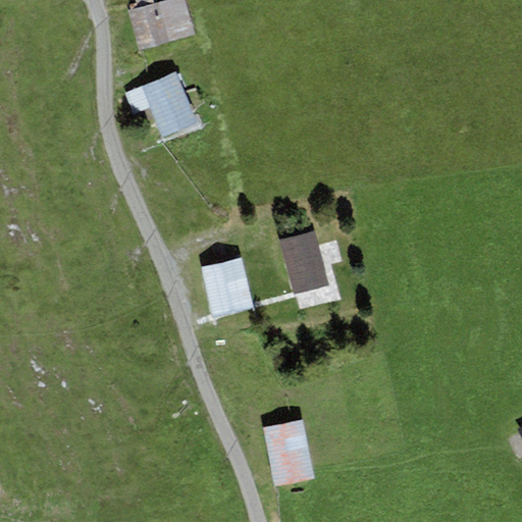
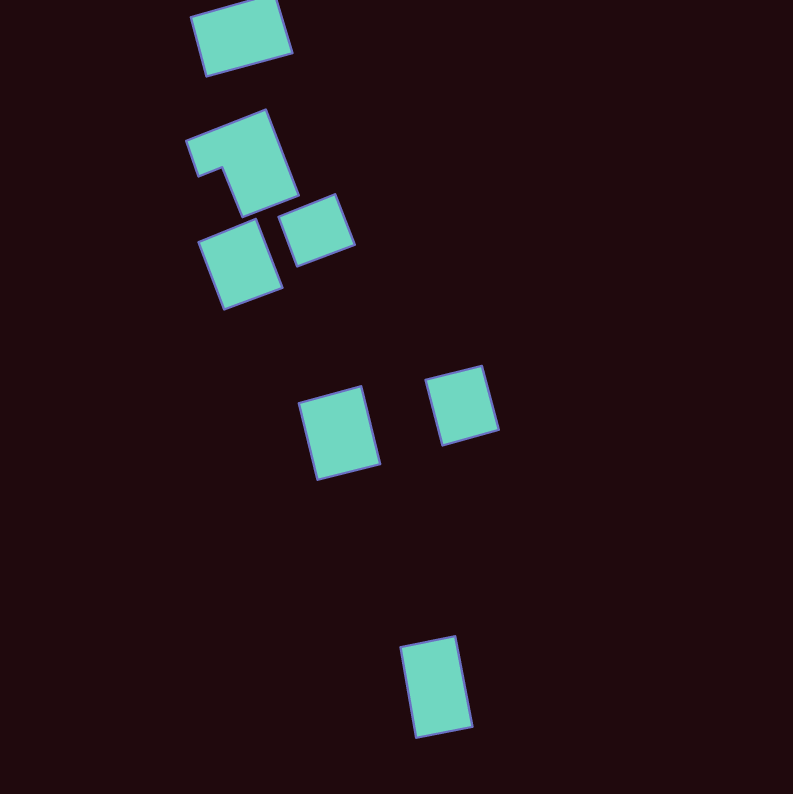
building: none -> [278,194,355,266]
building: none -> [198,219,283,309]

